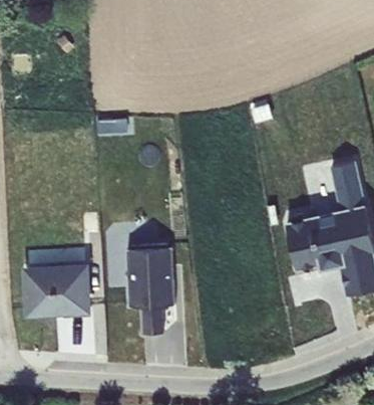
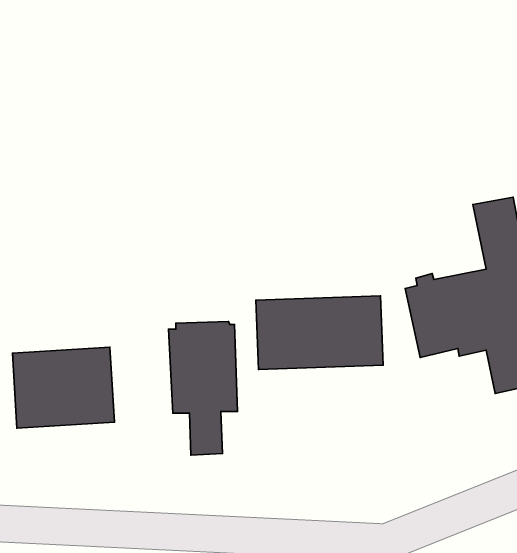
building: none -> [256,296,383,369]

